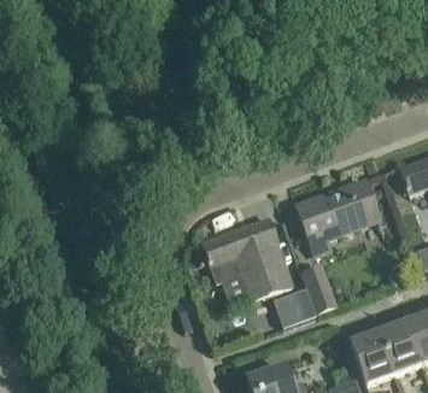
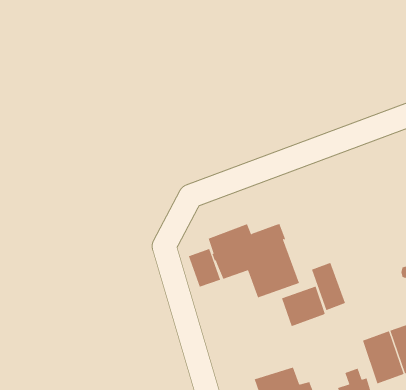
building: [297,181,379,253] -> none
building: none -> [188,248,221,288]

